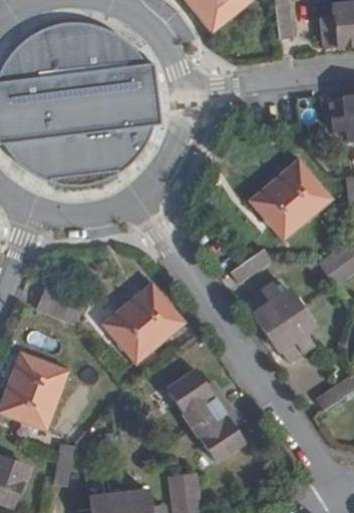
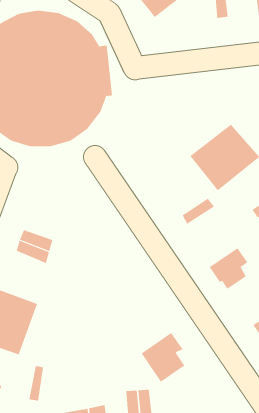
building: [253,282,304,327] -> none
building: [101,285,181,361] -> none
building: [164,371,226,428] -> none

